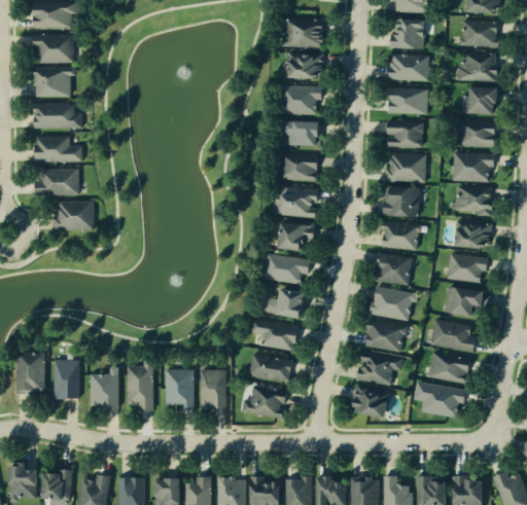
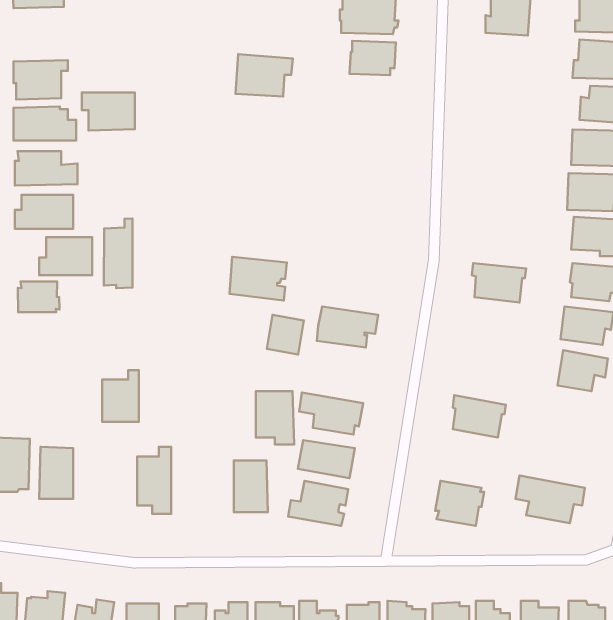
building: [34,34,74,63] -> [82,92,135,131]
building: [389,53,430,80] -> none
building: [279,83,322,115] -> [236,54,293,97]
building: [389,87,428,114] -> none
building: [282,120,320,146] -> none
building: [387,120,424,147] -> none
building: [385,152,427,182] -> none
building: [277,153,318,182] -> none
building: [274,185,317,218] -> [230,257,287,301]
building: [384,186,420,216] -> none
building: none -> [104,218,133,288]
building: [278,221,313,250] -> none
building: none -> [18,281,59,312]
building: [377,253,413,285] -> none
building: [371,286,418,320] -> none
building: [276,289,304,319] -> [267,315,304,354]
building: [430,319,477,352] -> none
building: [357,351,402,385] -> none
building: [428,352,470,384] -> none
building: [91,367,118,406] -> [102,370,139,422]
building: [166,369,195,409] -> [256,391,294,444]

